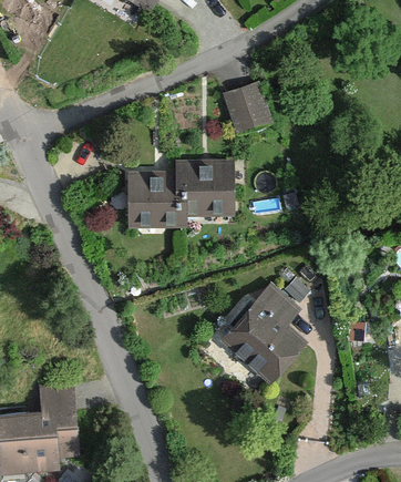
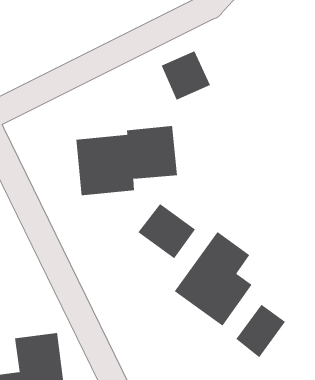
building: none -> [137,203,196,259]
building: none -> [235,304,286,358]

